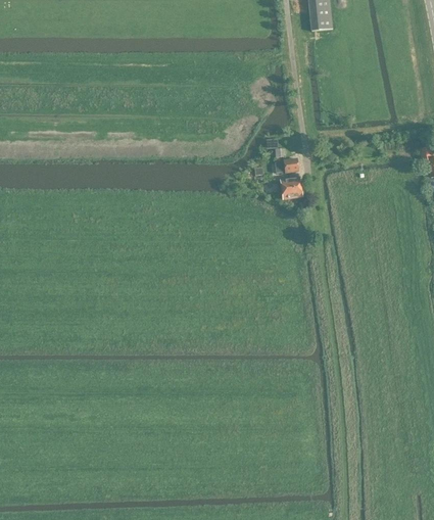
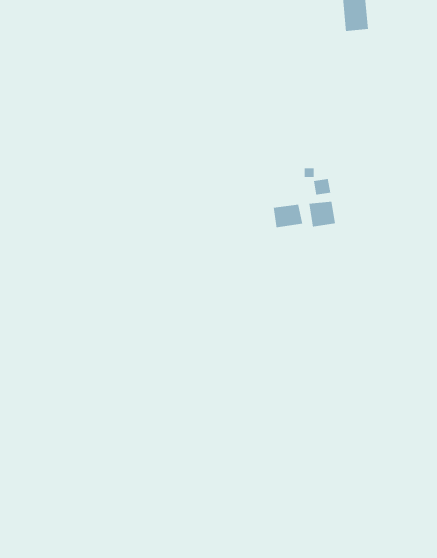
building: none -> [273,204,303,228]

